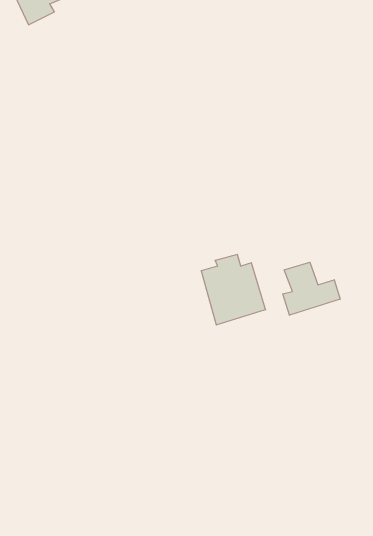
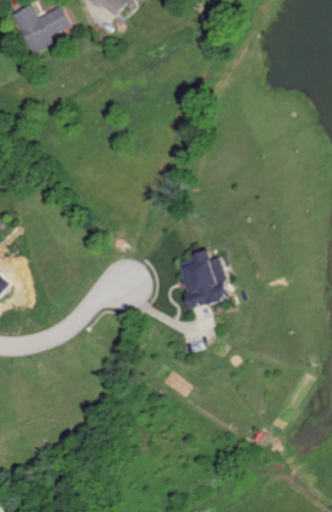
building: [283,262,340,315] -> none

